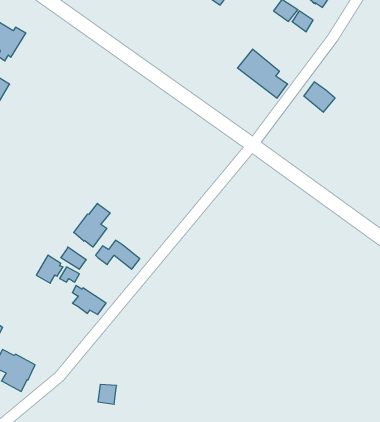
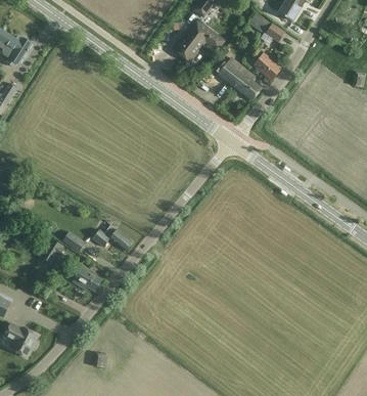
building: none -> [173,19,223,60]
building: [304,82,335,112] -> [253,54,280,81]
building: [74,203,110,247] -> none

